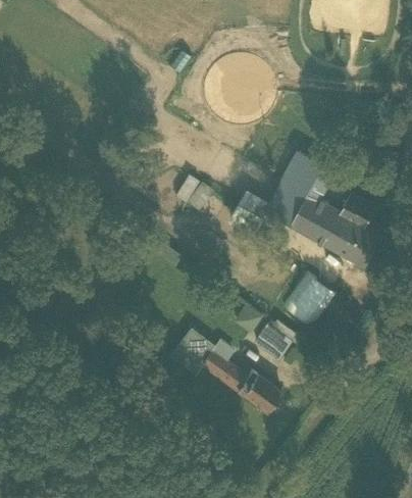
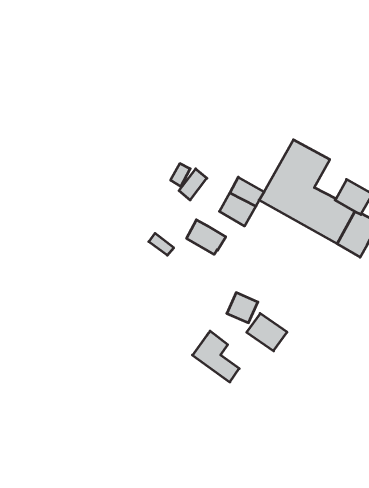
building: none -> [187,220,226,254]
building: [280,270,337,328] -> none
building: [172,329,213,369] -> none
building: [236,370,279,412] -> none

